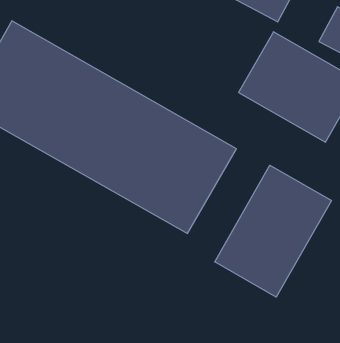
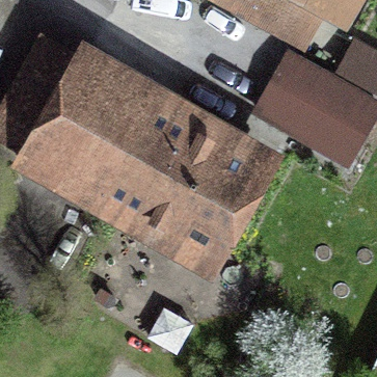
building: [215,165,331,297] -> none

